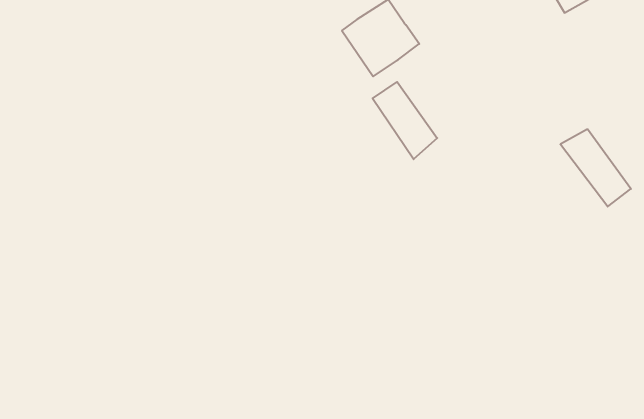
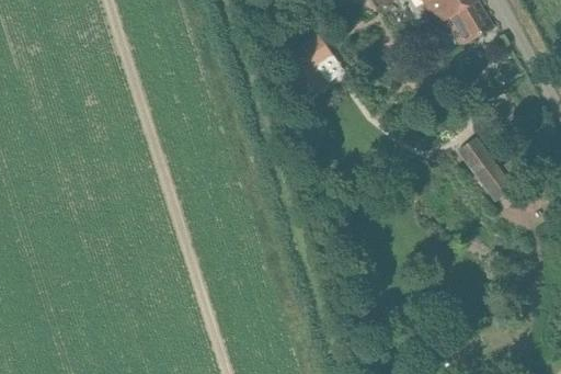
building: [373,82,437,159] -> none

